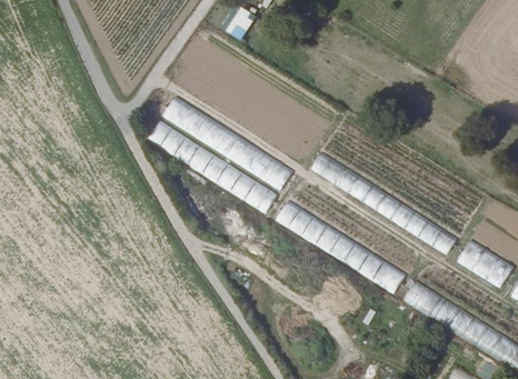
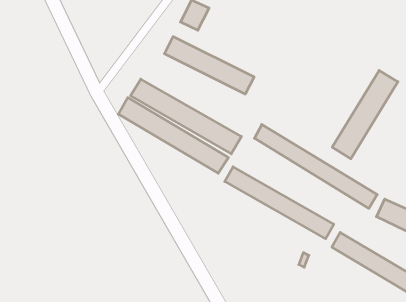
building: none -> [164,37,254,94]
building: none -> [332,70,398,159]

